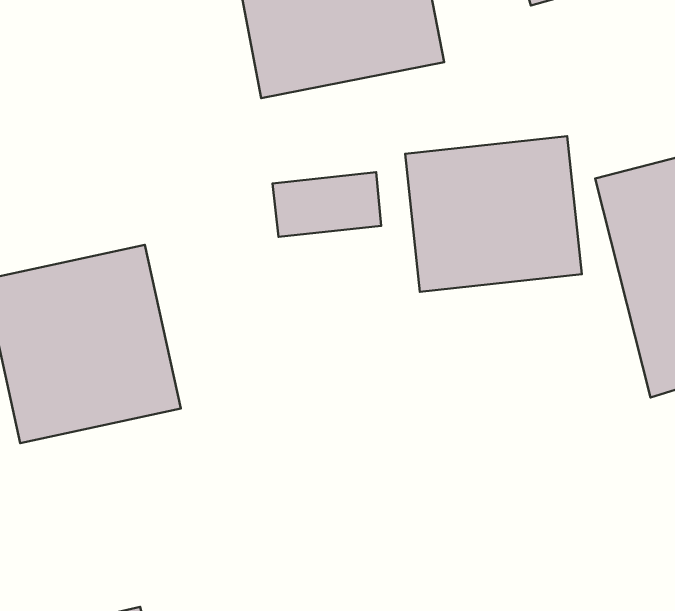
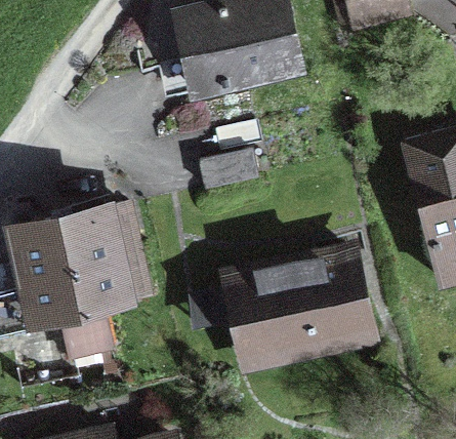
building: [405,136,582,292] -> none
building: none -> [224,245,381,377]

